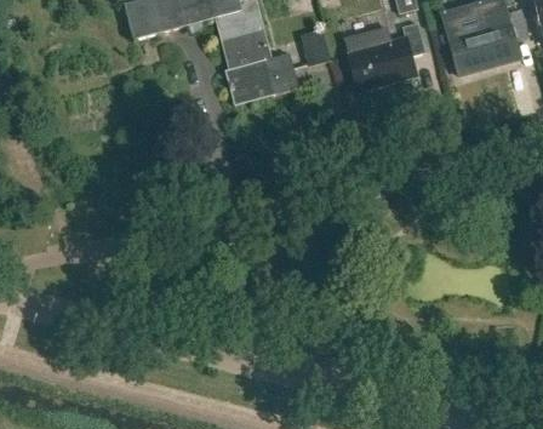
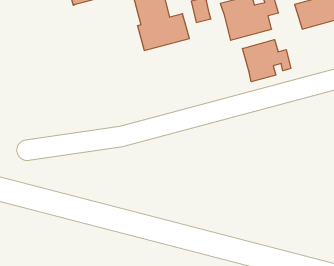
building: none -> [242,40,291,82]

